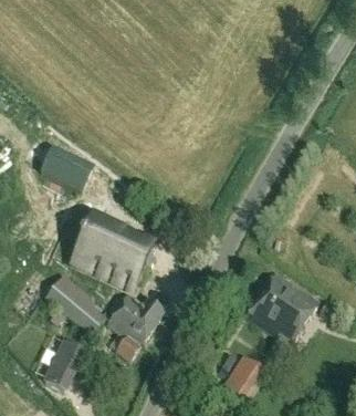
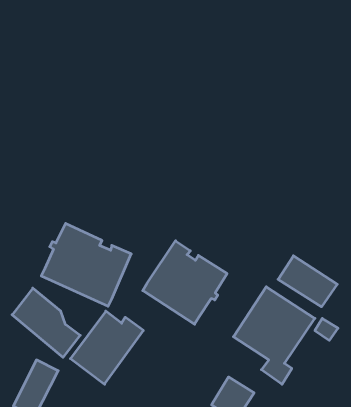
building: [41,145,93,188] -> none
building: none -> [143,241,227,324]
building: none -> [278,256,337,307]

